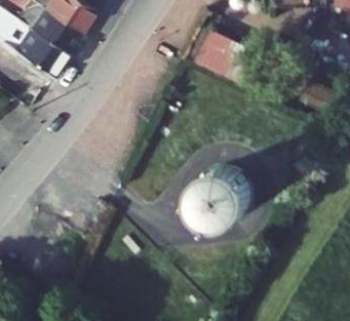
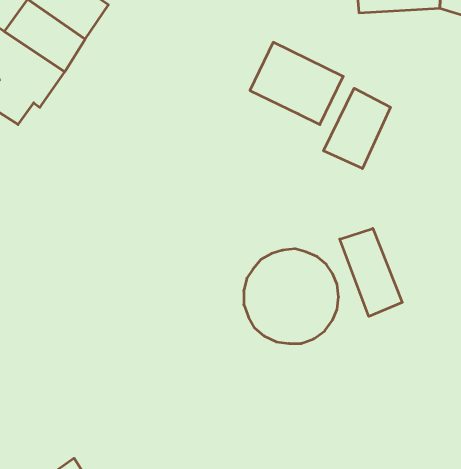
building: none -> [324,88,390,169]
building: none -> [340,228,402,316]

